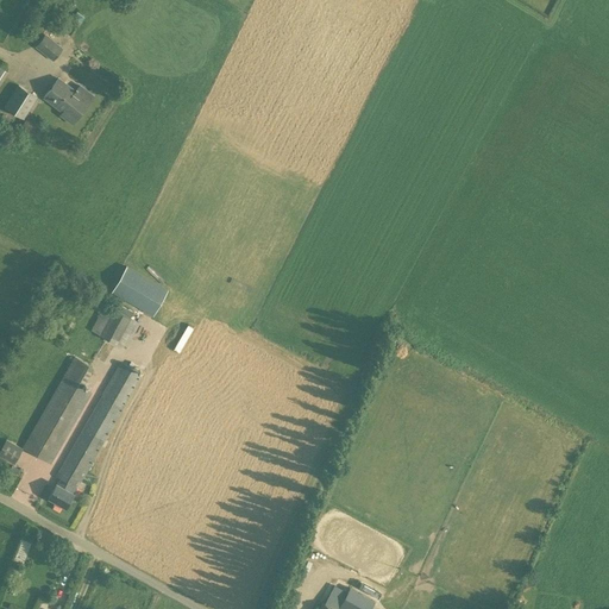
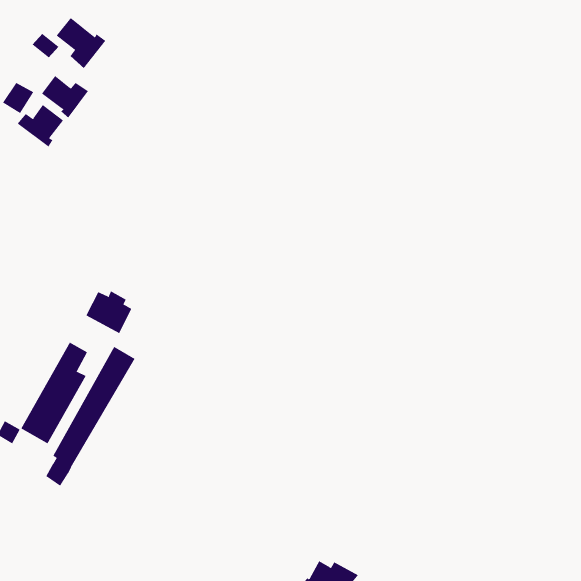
building: none -> [56,17,106,69]
building: none -> [17,104,64,147]
building: [109,268,167,318] -> none

